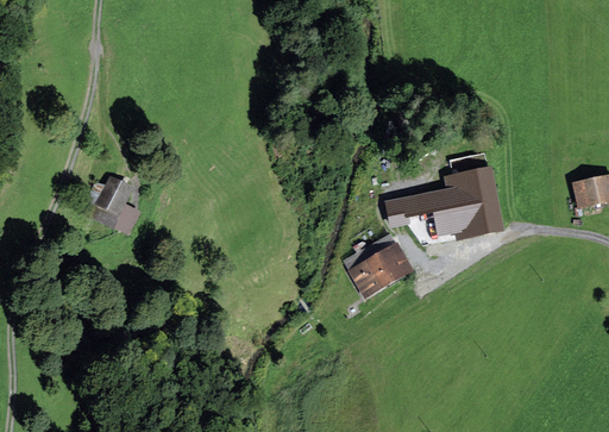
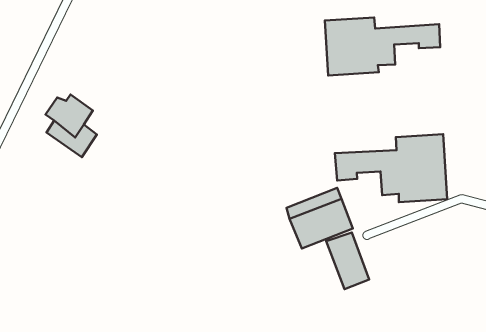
building: none -> [325,18,440,75]
building: none -> [326,232,369,289]

